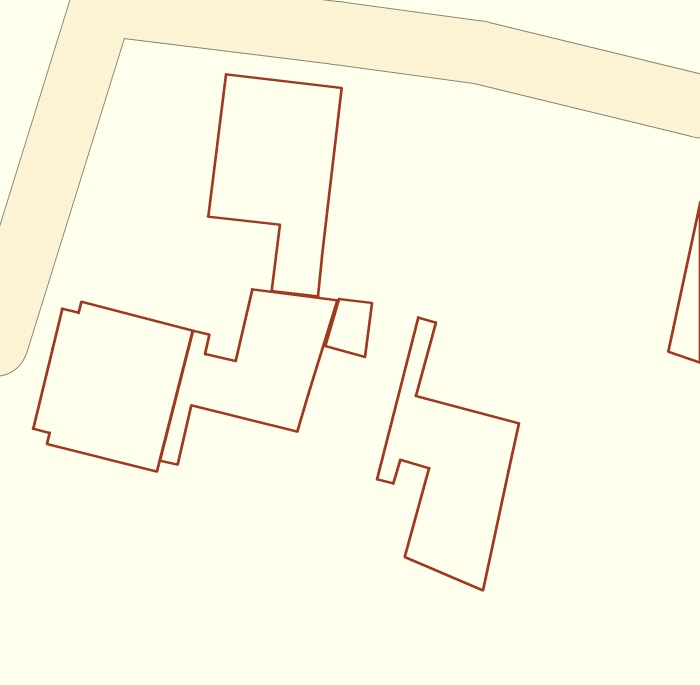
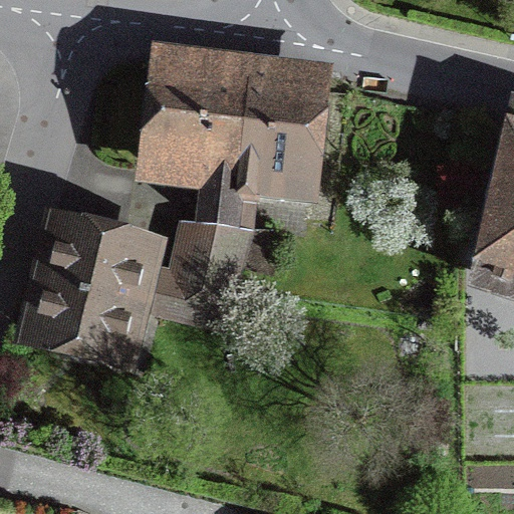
building: none -> [235,64,310,187]
building: [377,317,519,590] -> none

